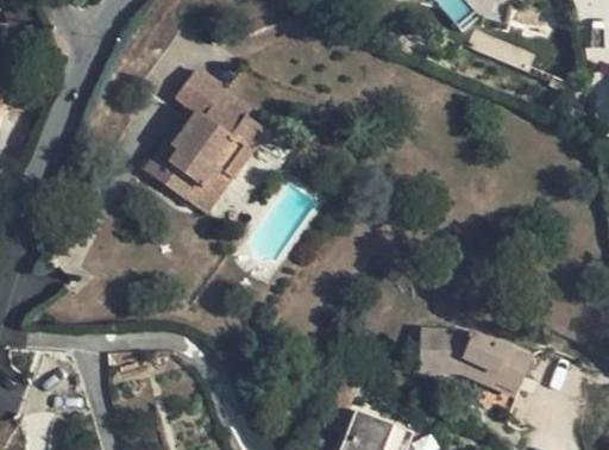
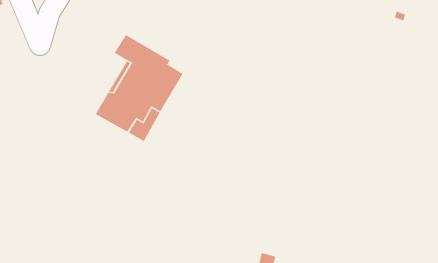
building: [420,330,533,395] -> none

